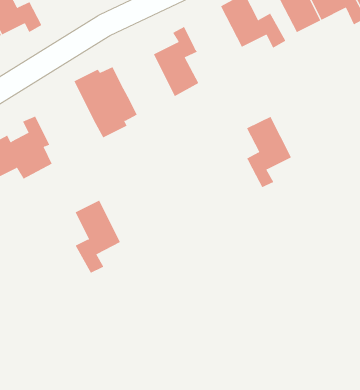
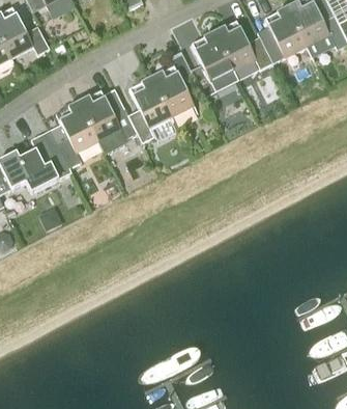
building: none -> [128,77,171,144]
building: [246,116,292,188] -> [191,32,233,99]
building: [75,200,121,274] -> [55,102,97,170]

